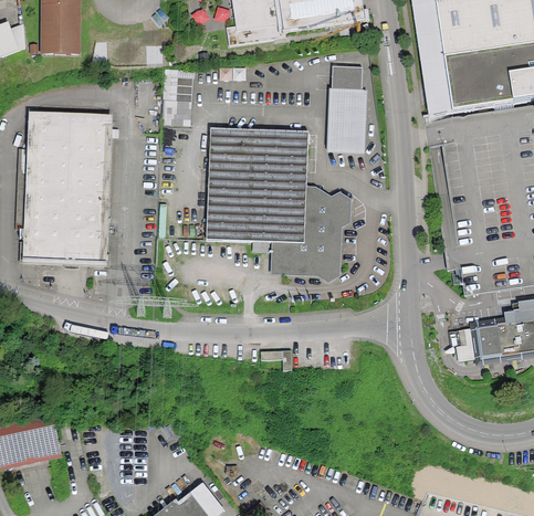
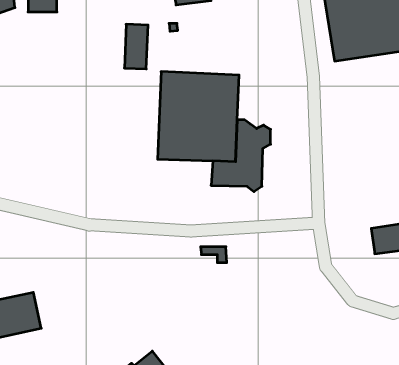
building: [326,69,364,151] -> none
building: [23,122,113,264] -> none
building: [450,327,480,362] -> none

